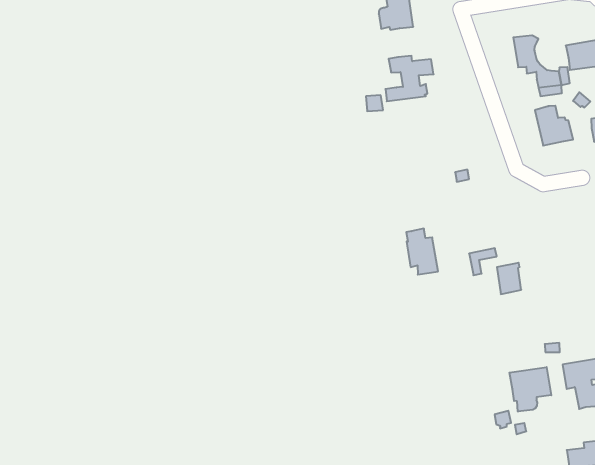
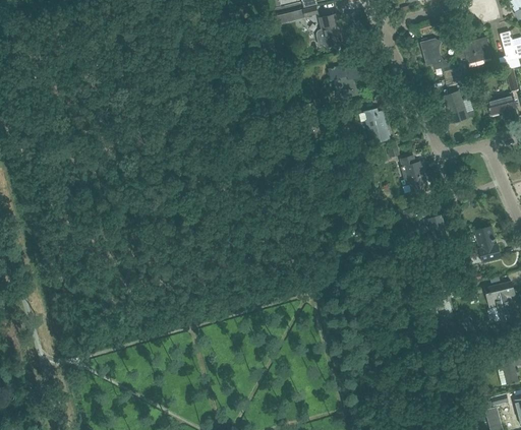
building: none -> [358,109,389,142]
building: [406,229,438,275] -> [400,155,427,190]
building: none -> [473,226,501,261]
building: [509,367,551,412] -> none

